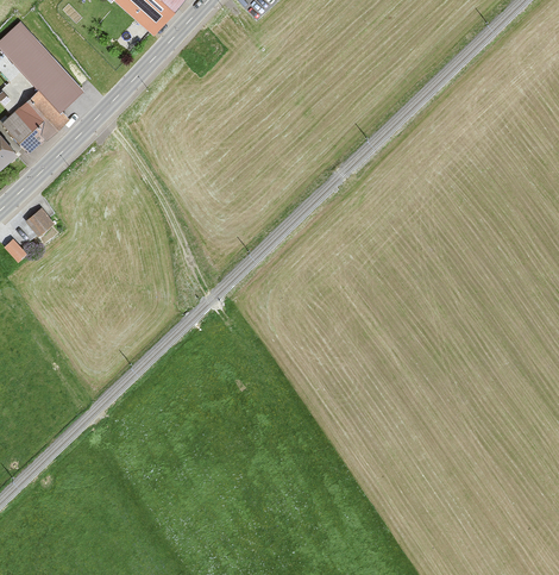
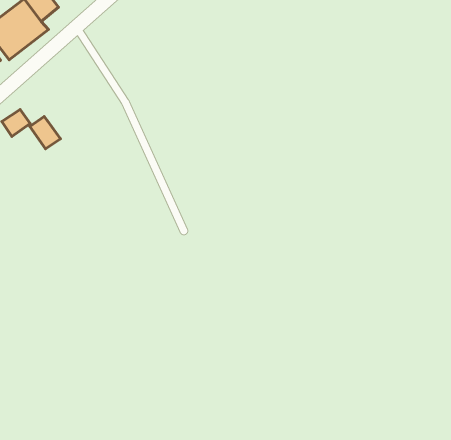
building: none -> [30,116,61,149]

